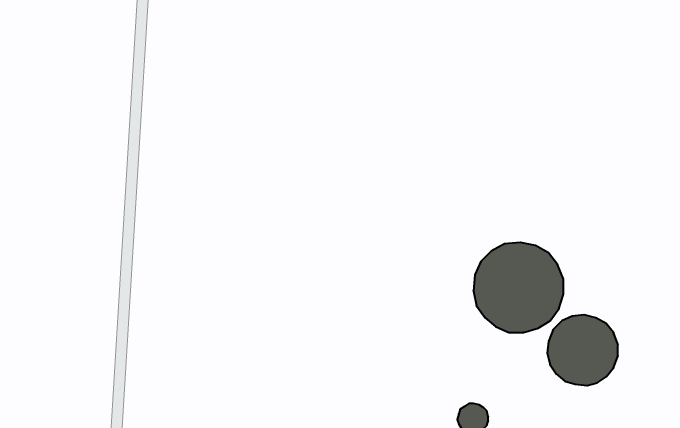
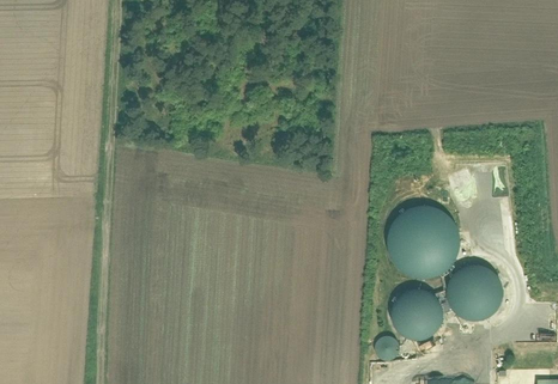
building: none -> [389,288,442,341]

